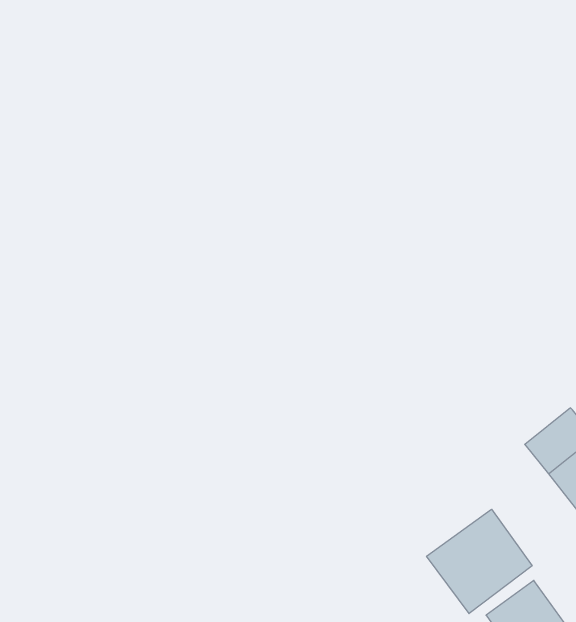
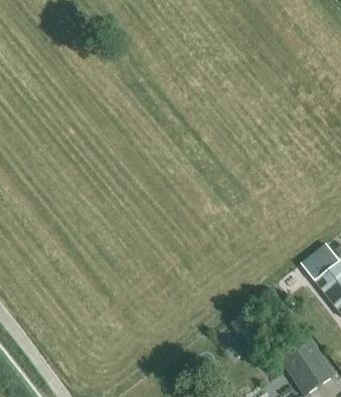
building: [427,509,532,614] -> none

